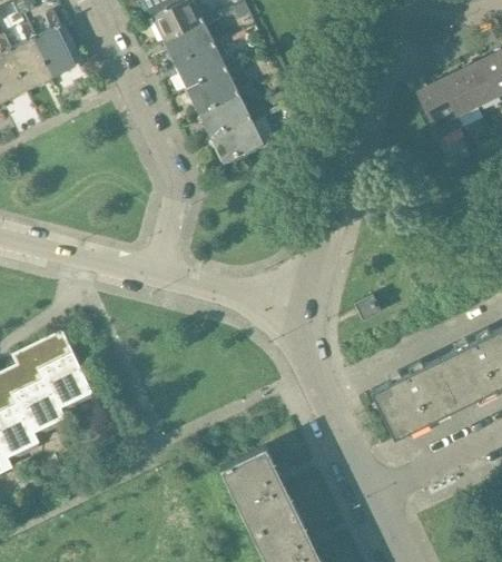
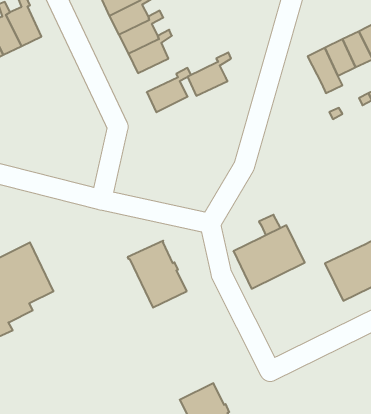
building: [199,83,255,139] -> [188,52,231,96]
building: [371,358,462,440] -> [233,225,305,289]
building: [220,447,296,533] -> [128,241,187,308]

